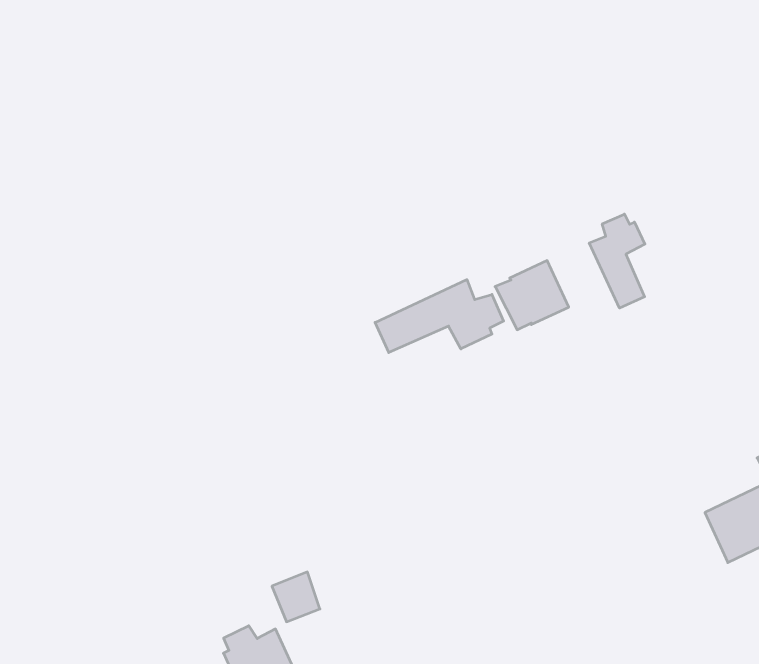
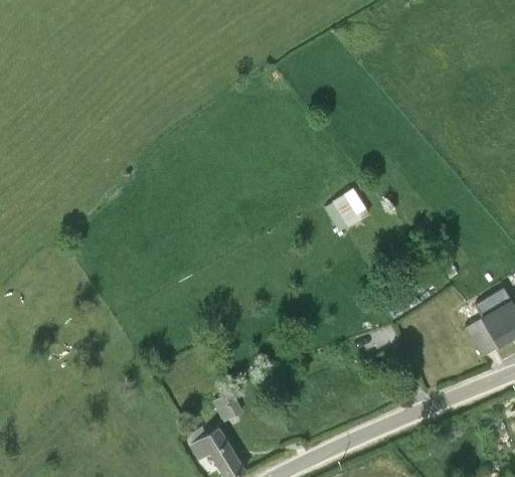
building: [589,214,645,308] -> none
building: [375,280,504,353] -> none

